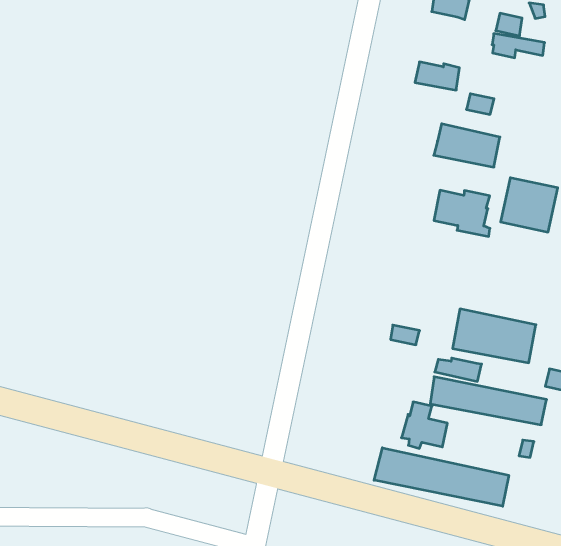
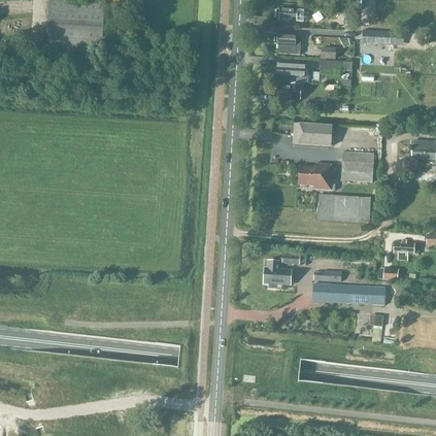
building: none -> [276,63,306,82]
building: [453,309,536,363] -> [320,193,370,221]
building: [401,402,447,448] -> [264,260,292,289]
building: [374,448,509,506] -> none

